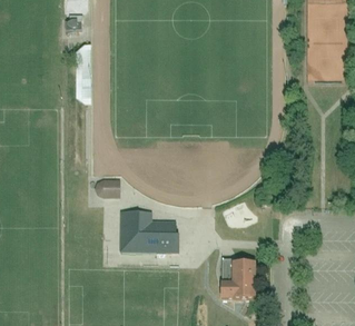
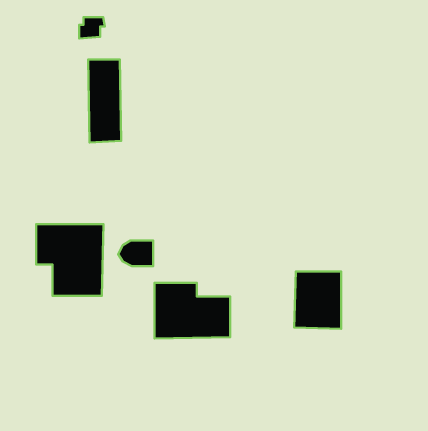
building: none -> [36,224,104,296]
building: [220,260,255,303] -> [294,272,341,329]

